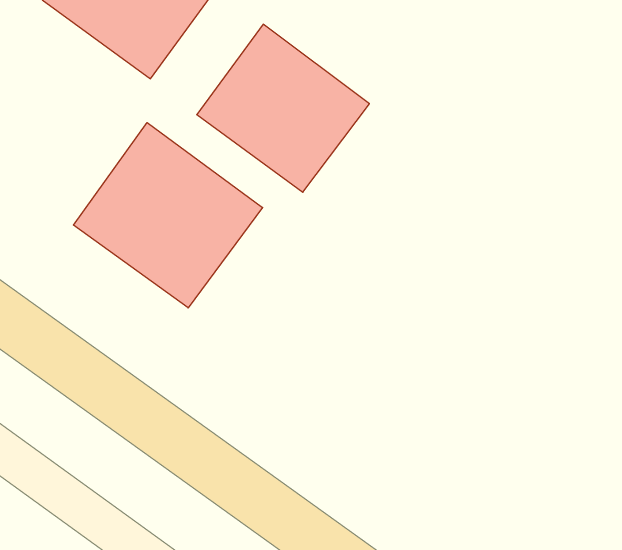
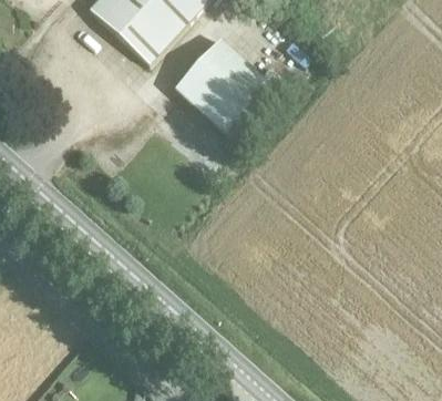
building: [73,123,263,308] -> none

